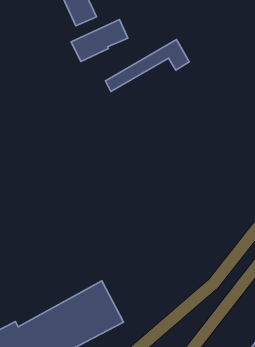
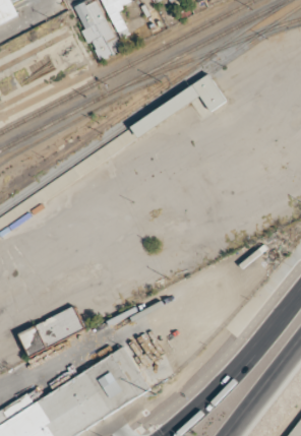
building: [71,20,128,62] -> none
building: none -> [20,306,85,355]

